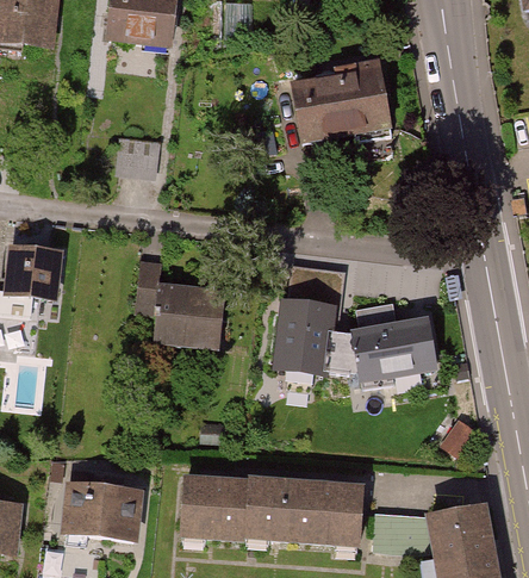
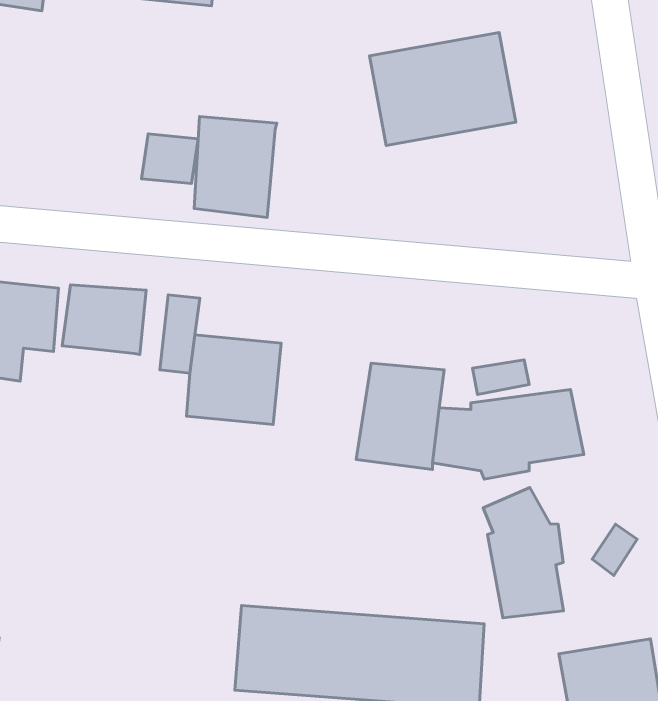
building: none -> [194,116,277,218]
building: none -> [62,285,146,355]
building: none -> [483,488,564,618]
building: [52,476,142,539] -> none

